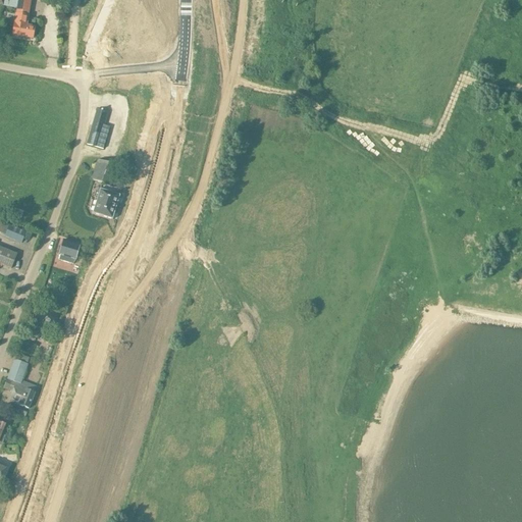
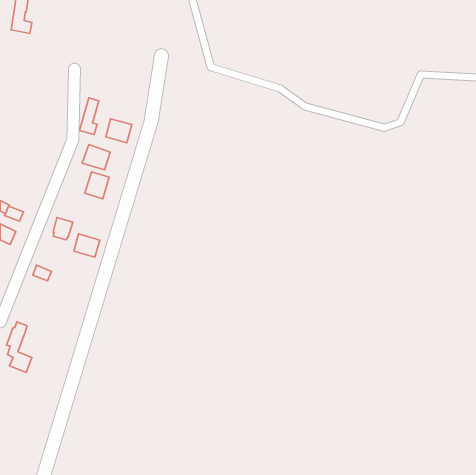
building: none -> [106,119,132,143]
building: none -> [74,234,100,257]

